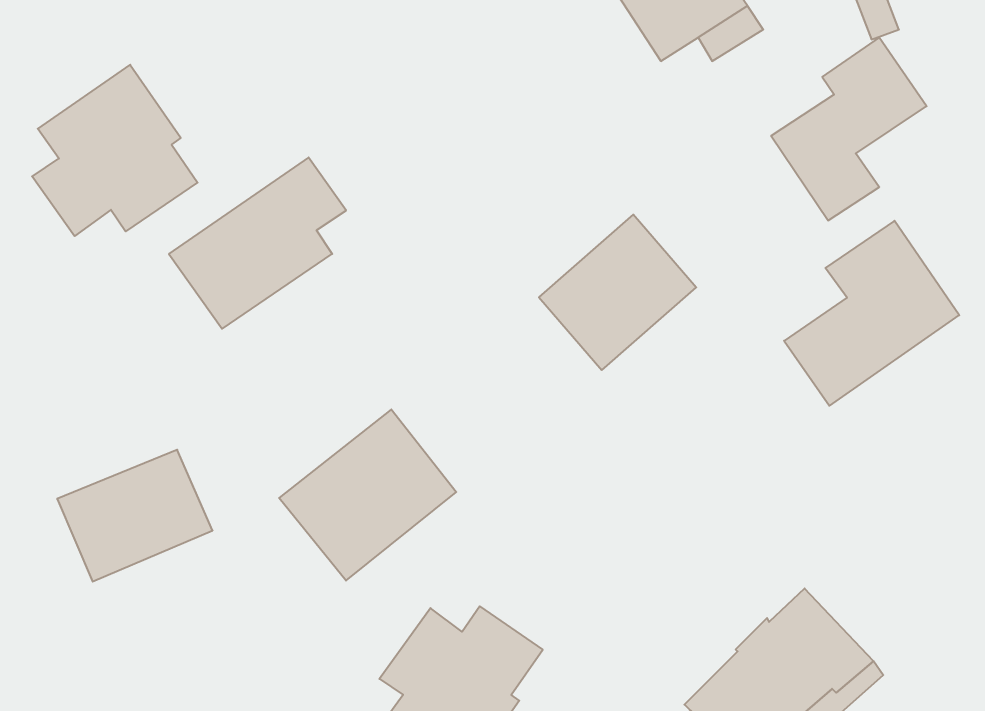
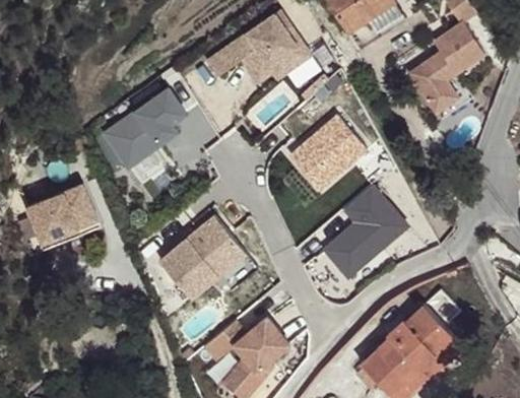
building: none -> [201,6,313,90]
building: [32,65,198,236] -> none
building: [784,221,959,406] -> [321,182,411,277]
building: [57,450,213,582] -> [18,182,99,250]

